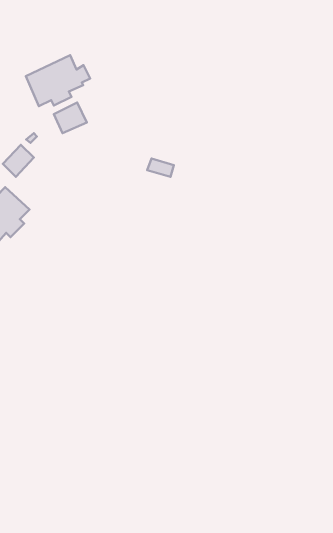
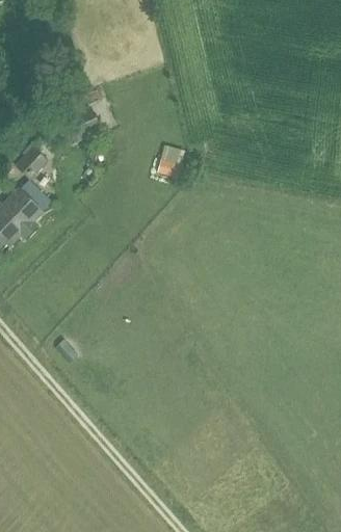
building: [26,55,90,106] -> none

